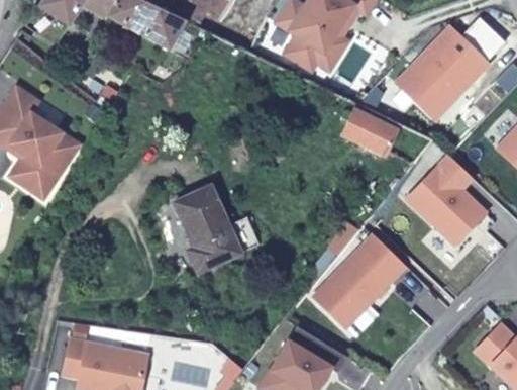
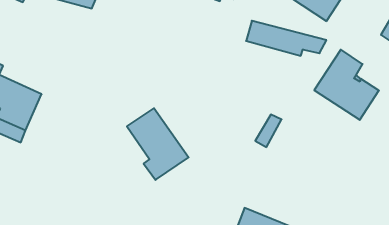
building: [315,235,406,327] -> none

